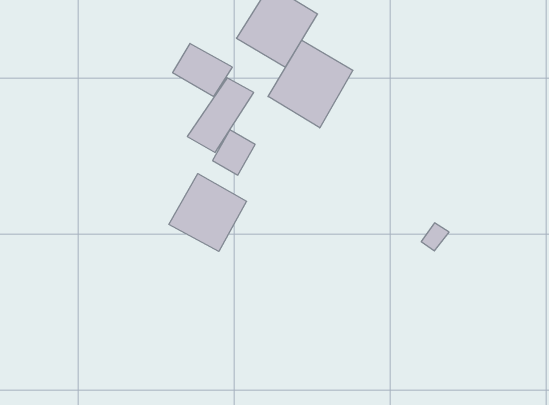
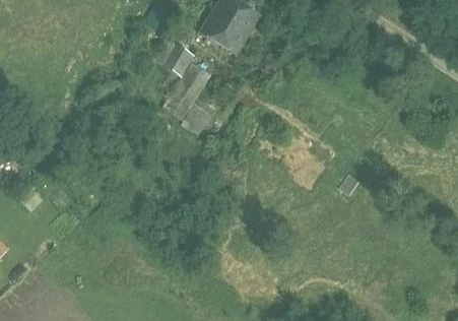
building: [268,40,353,128] -> none
building: [169,174,247,251] -> none

